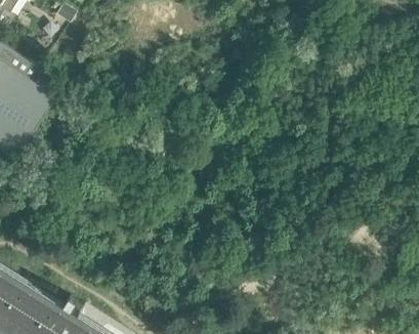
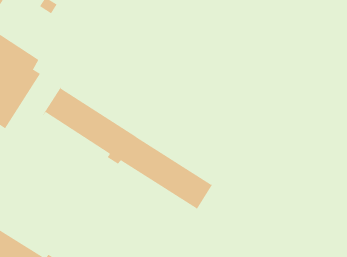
building: none -> [42,84,215,213]

